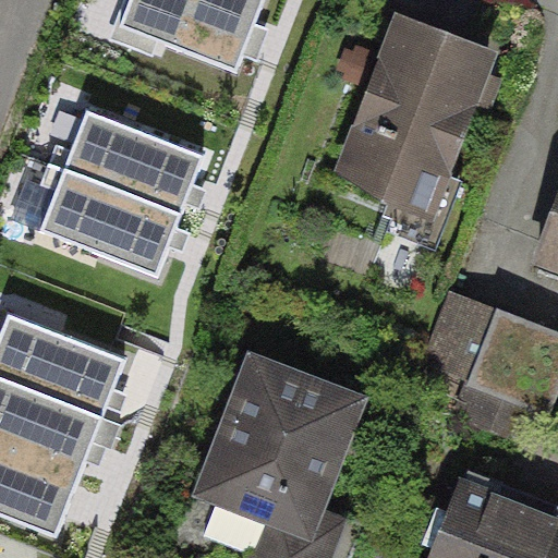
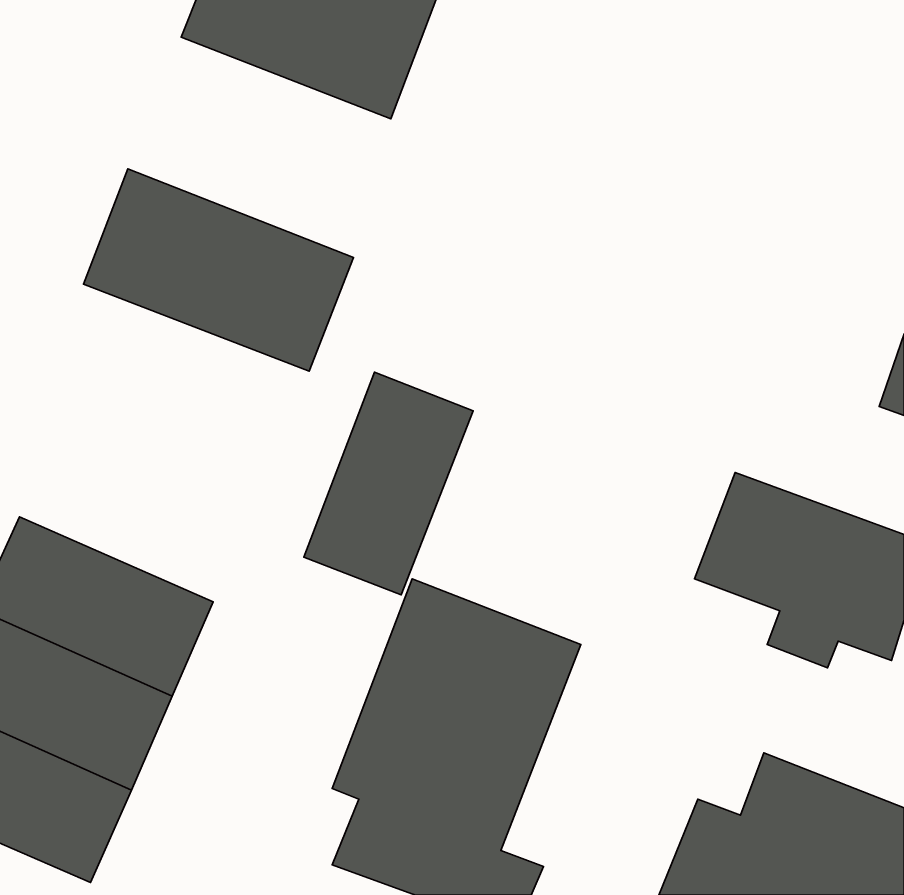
building: [332,19,497,214] -> none
building: [23,174,190,299] -> none
building: none -> [304,372,473,595]

